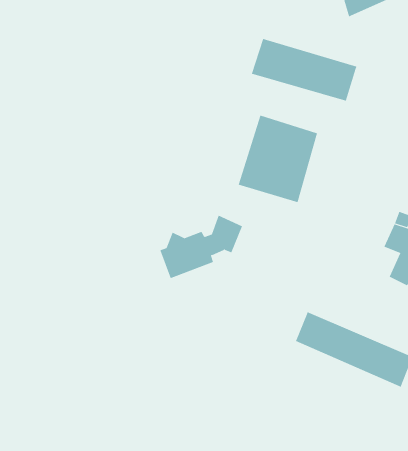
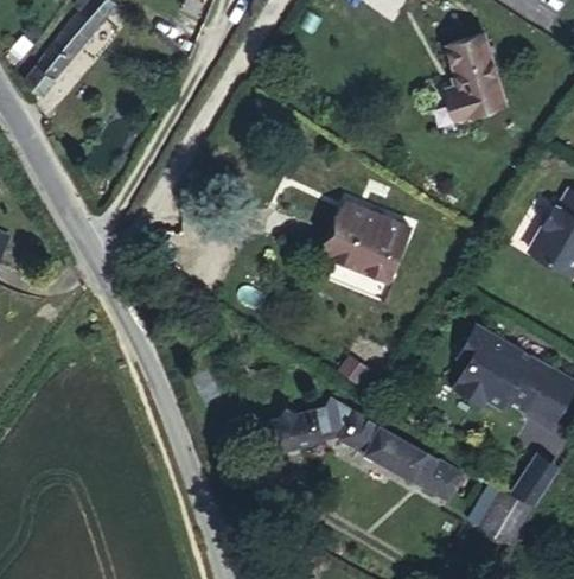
building: [251,38,357,101] -> none
building: [159,215,243,279] -> [269,396,361,454]

